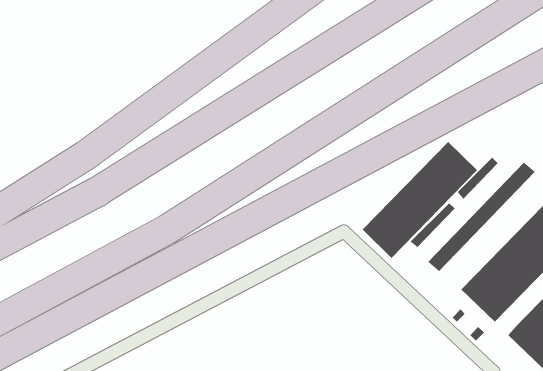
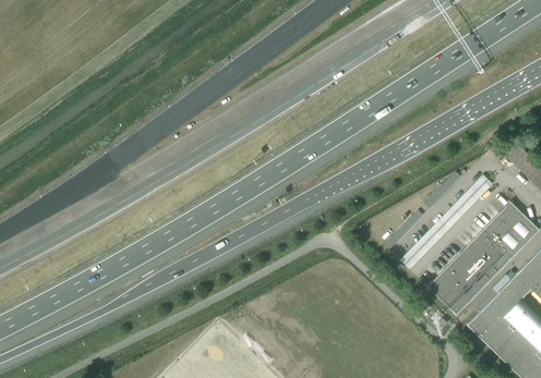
building: [362,141,478,259] -> none

